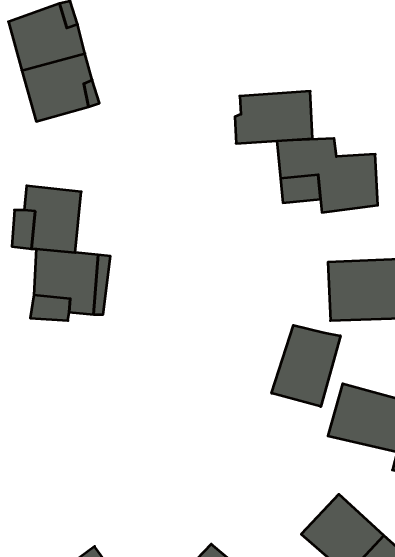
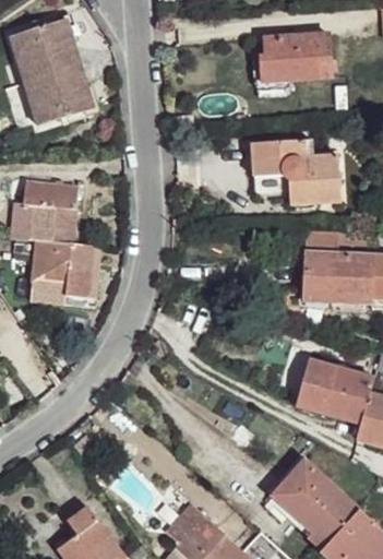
building: [235,91,313,143] -> [261,33,331,80]
building: [272,325,340,407] -> none

